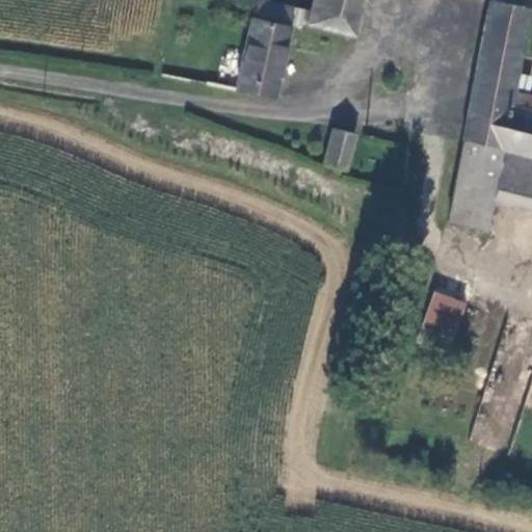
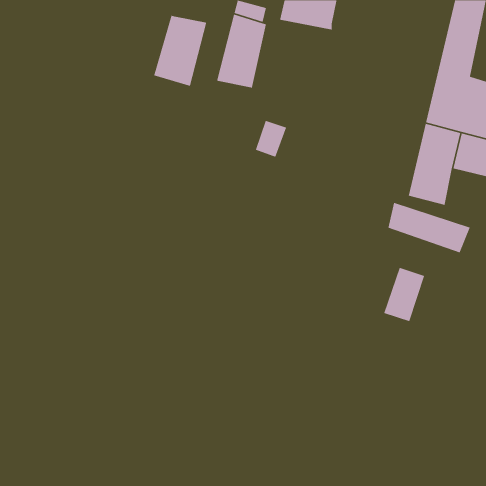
building: none -> [153,15,207,87]
building: [323,127,358,168] -> [255,120,287,158]
building: none -> [387,202,471,254]

